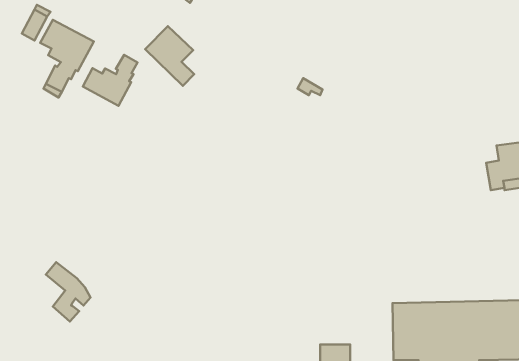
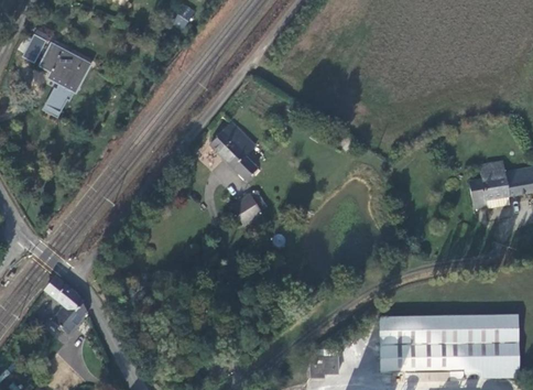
building: [145,26,194,86] -> [209,121,257,178]
building: [83,55,138,106] -> none
building: none -> [231,189,266,225]

